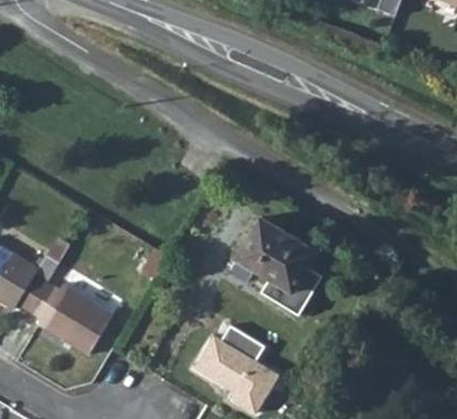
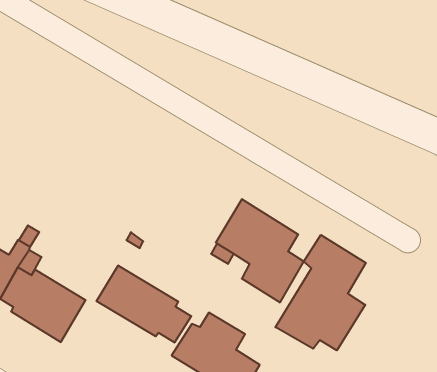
building: none -> [275,235,366,350]
building: none -> [97,265,191,343]

